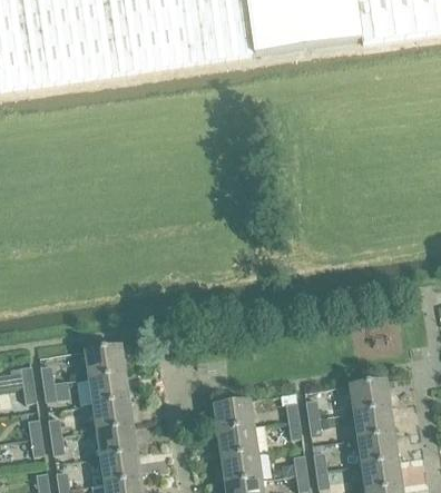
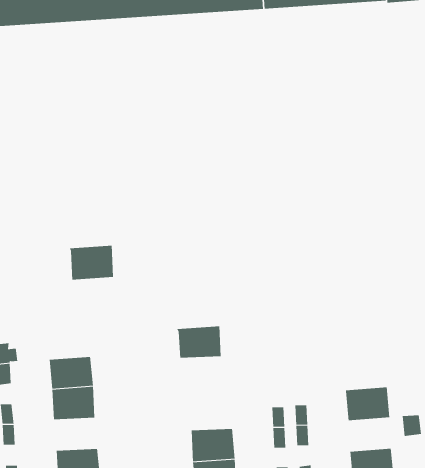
building: [82,345,124,378] -> [69,245,114,280]
building: [212,400,253,431] -> [177,326,222,358]
building: [353,406,393,438] -> none
building: [95,426,136,457] -> none

